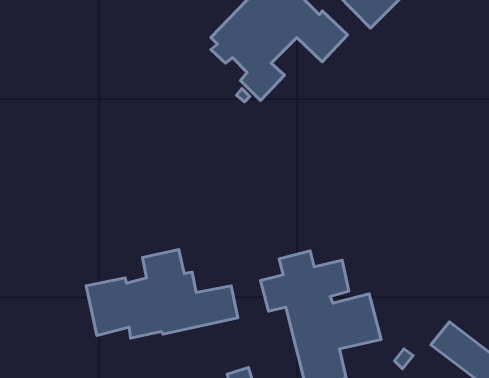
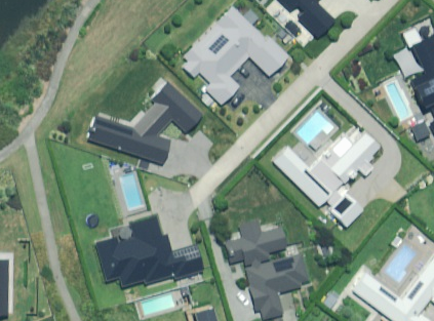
building: none -> [89,82,202,163]
building: none -> [274,133,379,227]

